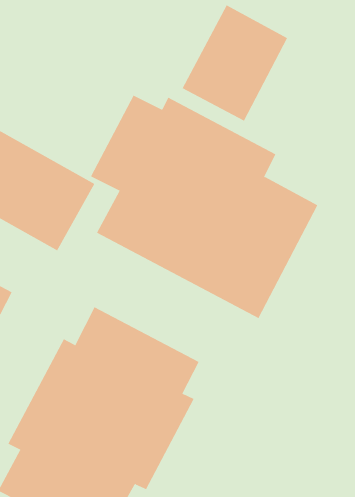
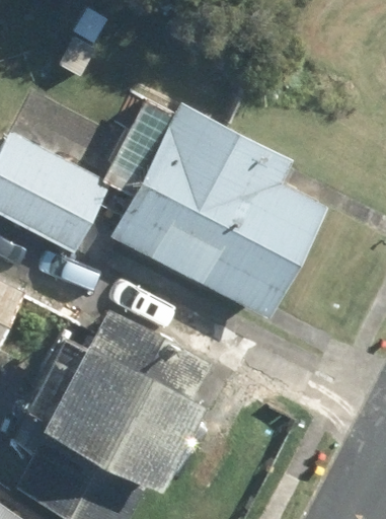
building: [182,5,288,121] -> none

